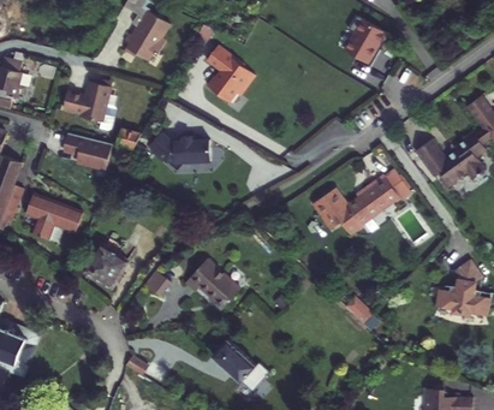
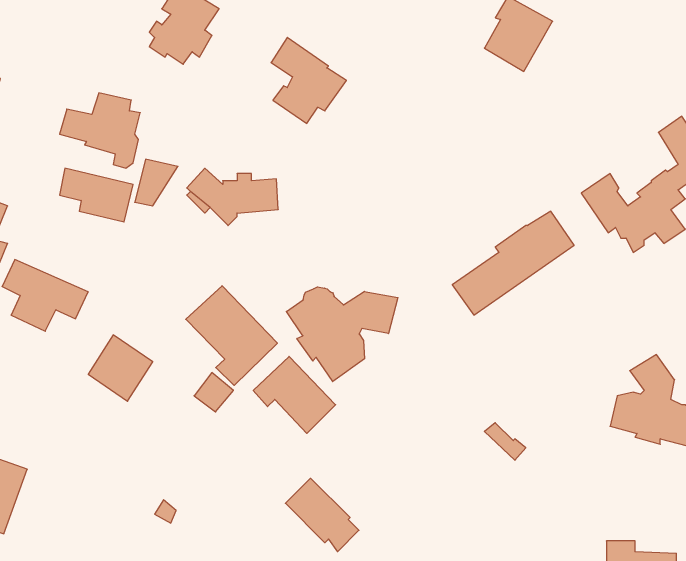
building: none -> [186,286,277,385]
building: none -> [286,287,398,382]

